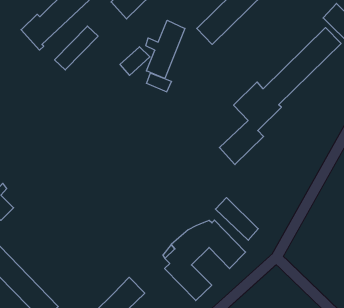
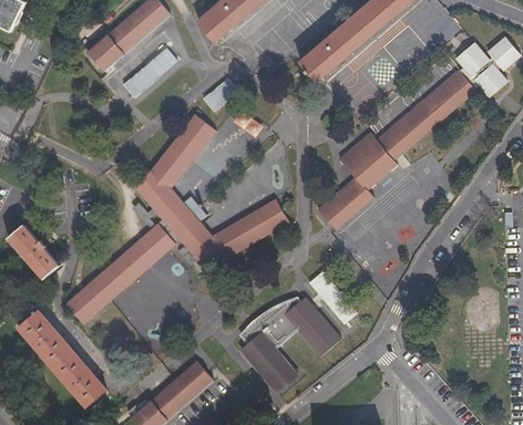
building: [146,20,185,79] -> none
building: none -> [66,113,288,322]

